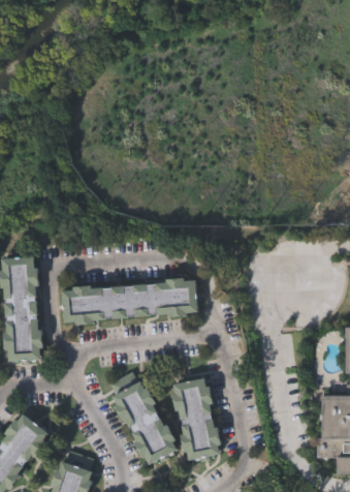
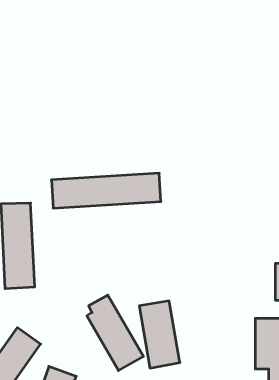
building: [61,277,197,320] -> [51,173,161,208]

